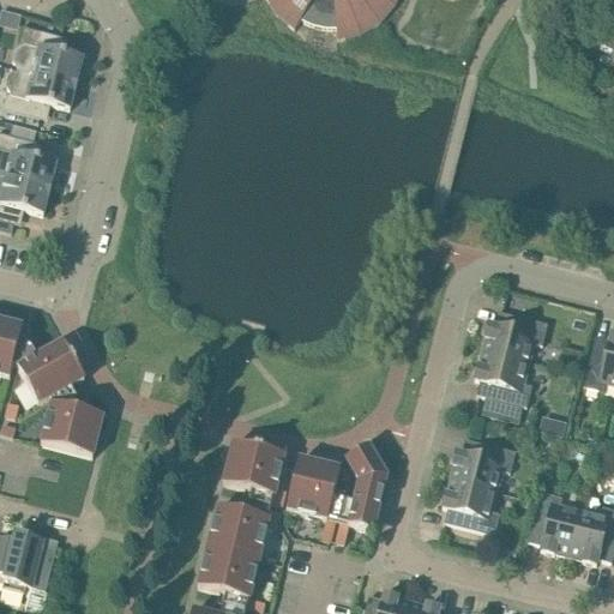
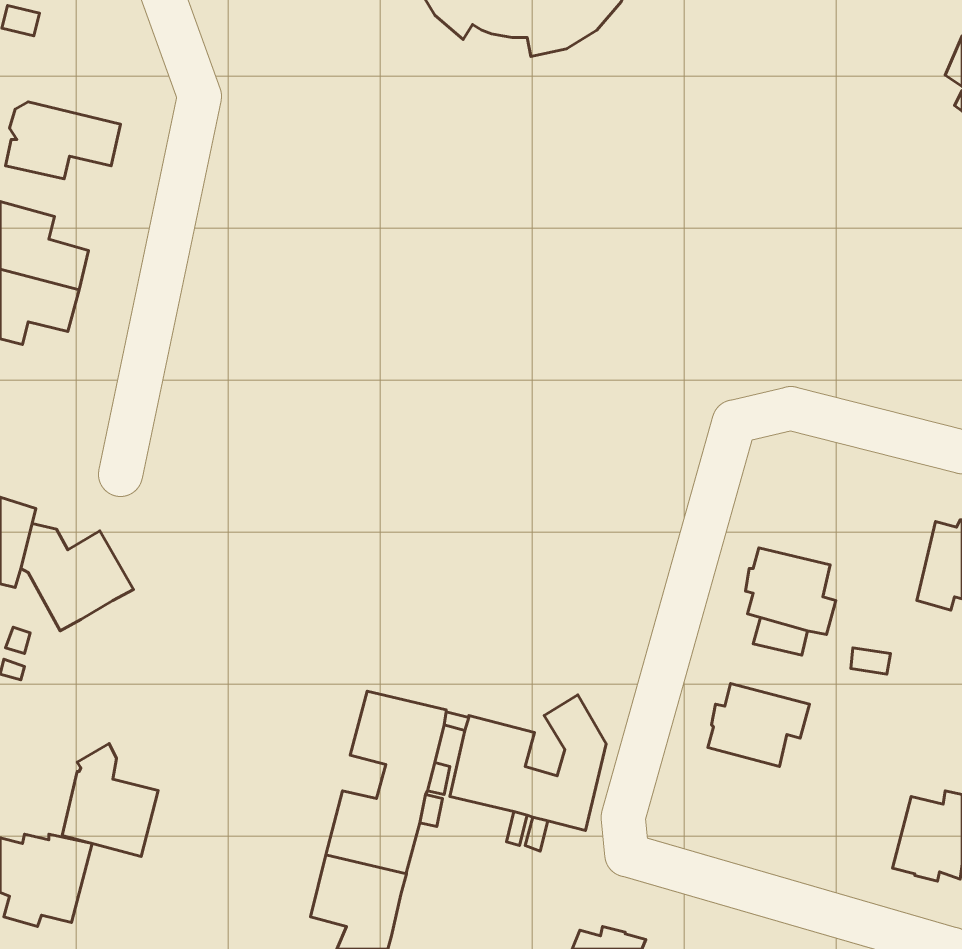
building: [12,23,83,79] -> none
building: [483,308,548,360] -> none
building: [42,383,103,455] -> [62,743,158,856]
building: [443,476,500,531] -> none
building: [528,488,580,553] -> none

